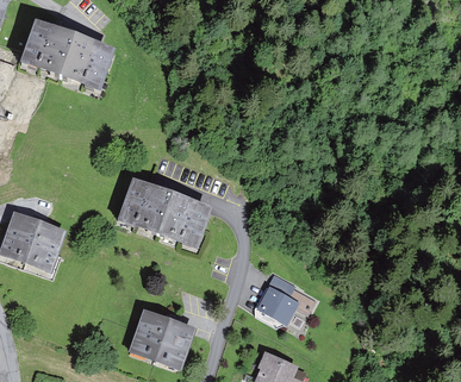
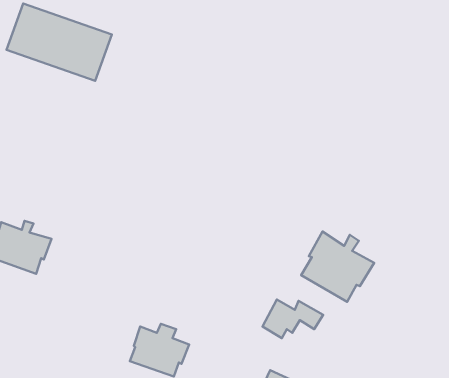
building: [124,187,206,244] -> none
building: none -> [301,232,374,302]

